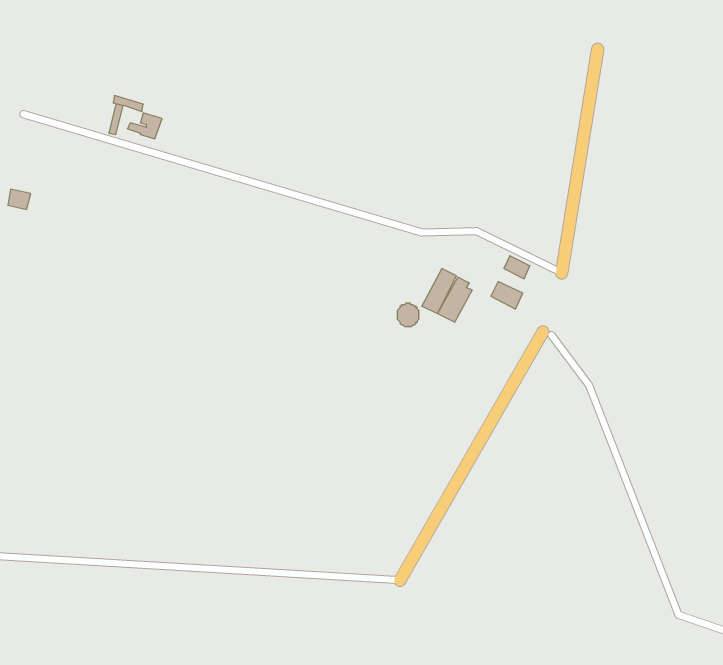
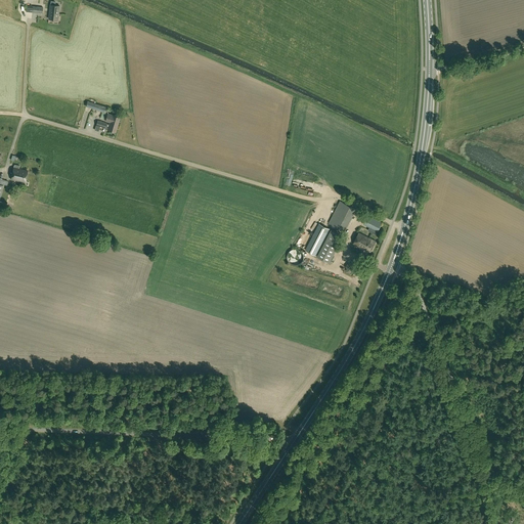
building: none -> [326,202,353,231]

